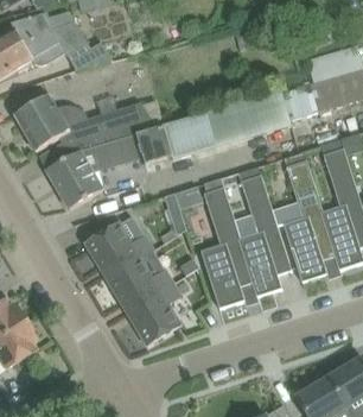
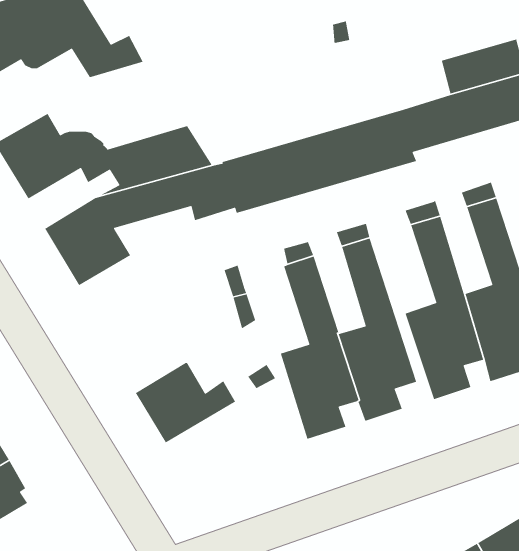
building: [84,221,152,277] -> none
building: [126,283,180,346] -> none

